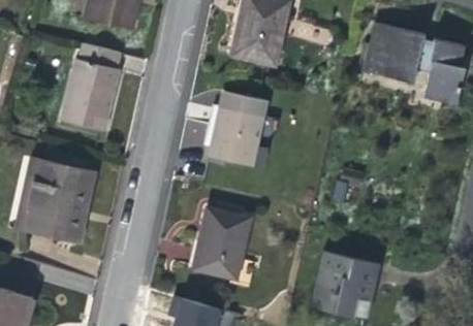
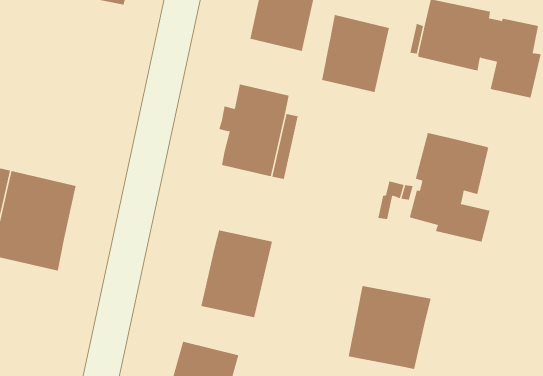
building: none -> [322,14,389,93]
building: [62,44,120,131] -> none
building: none -> [409,132,490,242]

